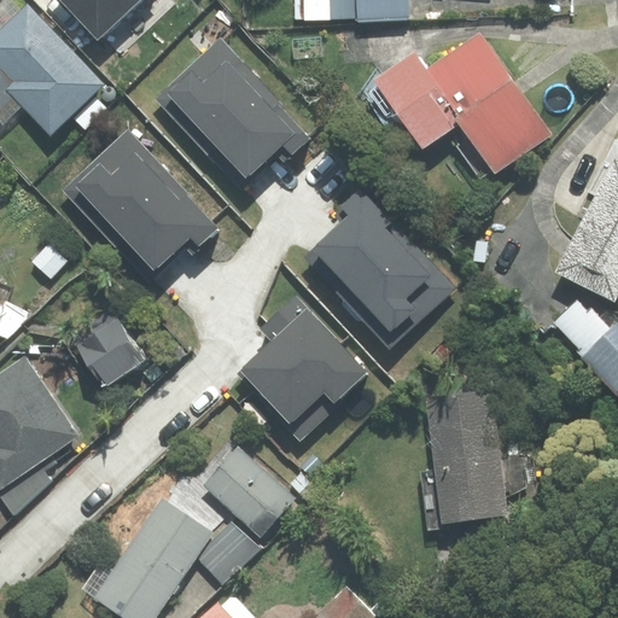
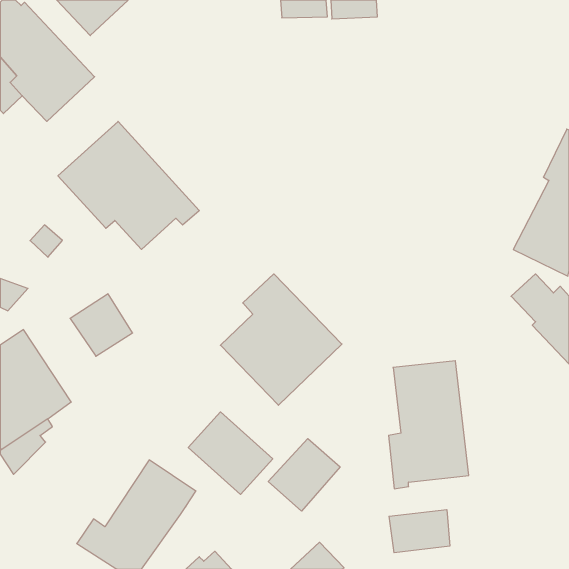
building: [377,34,550,171] -> none
building: [154,40,310,177] -> none
building: [304,188,455,348] -> none
building: none -> [268,439,340,511]
building: [196,520,260,585] -> none
building: none -> [389,510,450,553]

